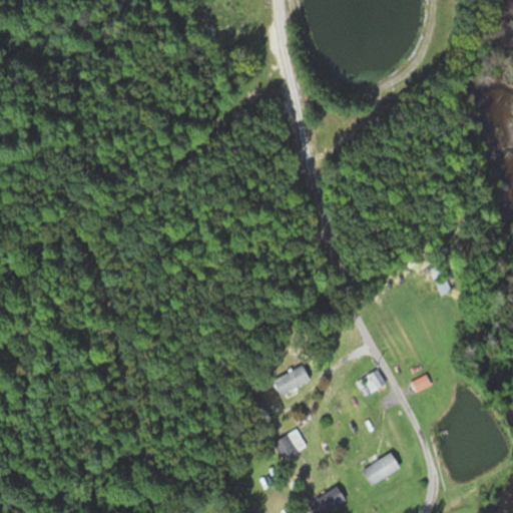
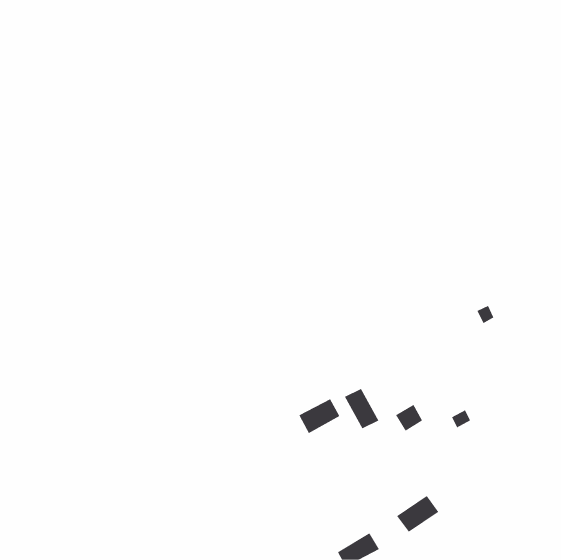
building: none -> [344,388,379,429]
building: [275,430,307,460] -> none

